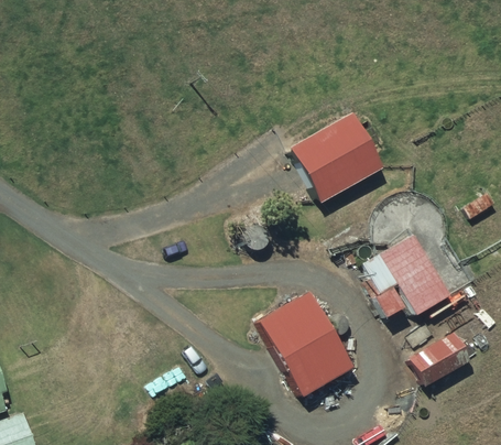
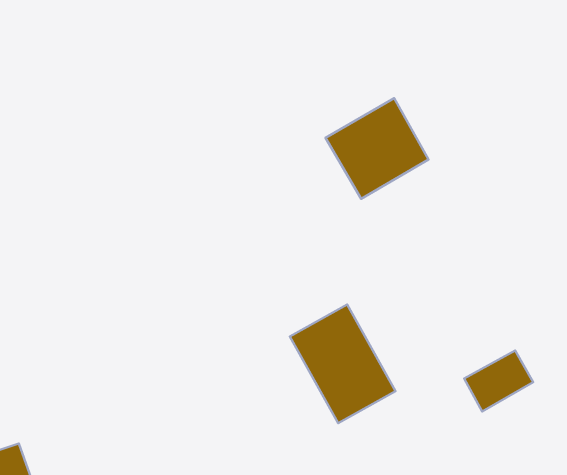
building: [366,234,448,310] -> none

